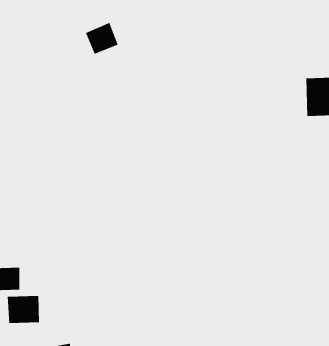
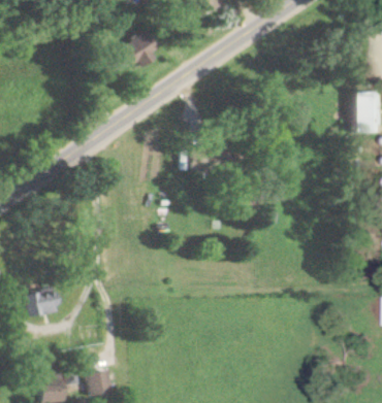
building: [7,295,40,324] -> none

